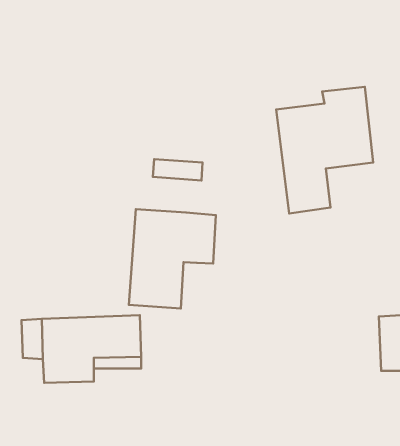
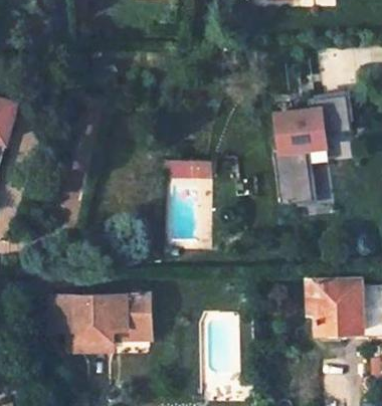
building: [129,209,216,308] -> none
building: none -> [309,281,360,342]

